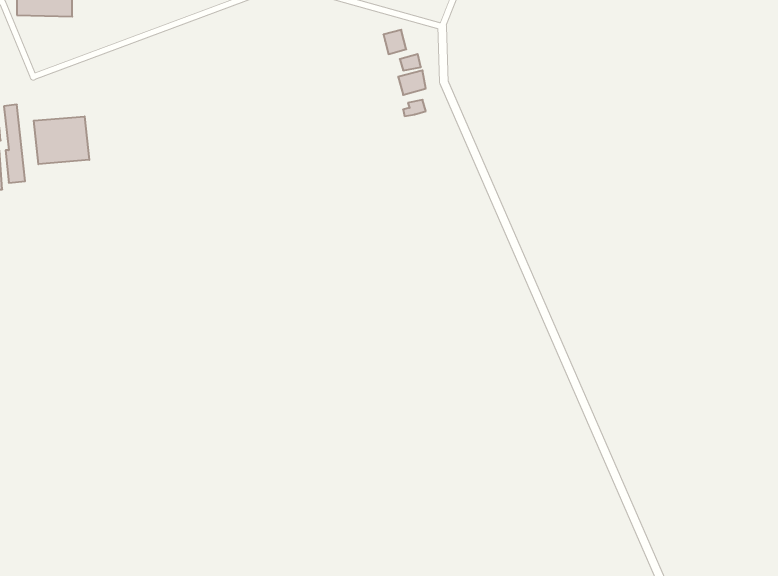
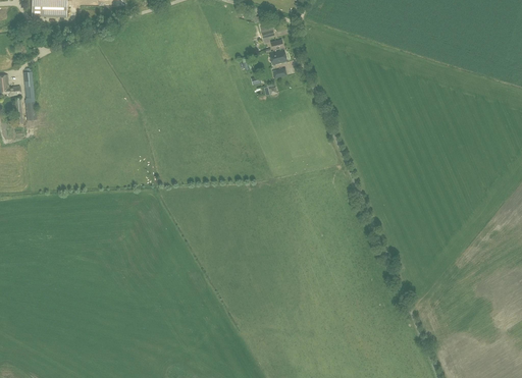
building: [34,116,89,164] -> none

